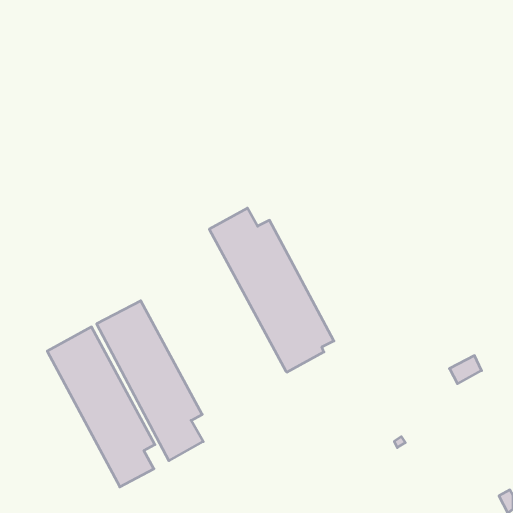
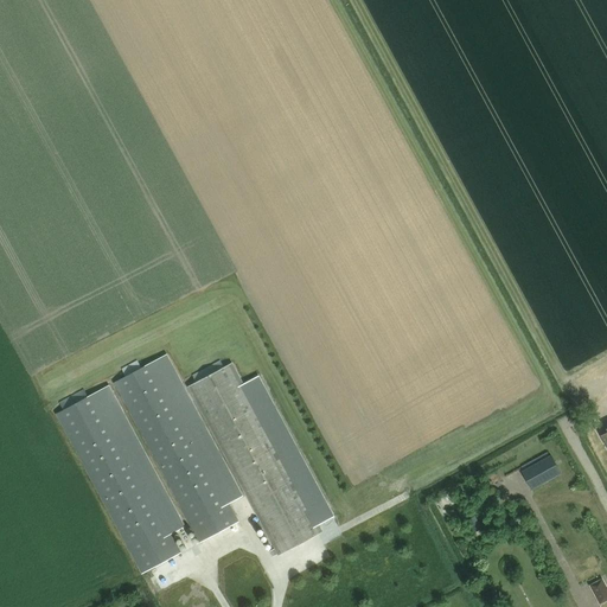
building: [209,208,334,372] -> [187,362,334,555]
building: [449,356,482,384] -> [522,454,560,487]

